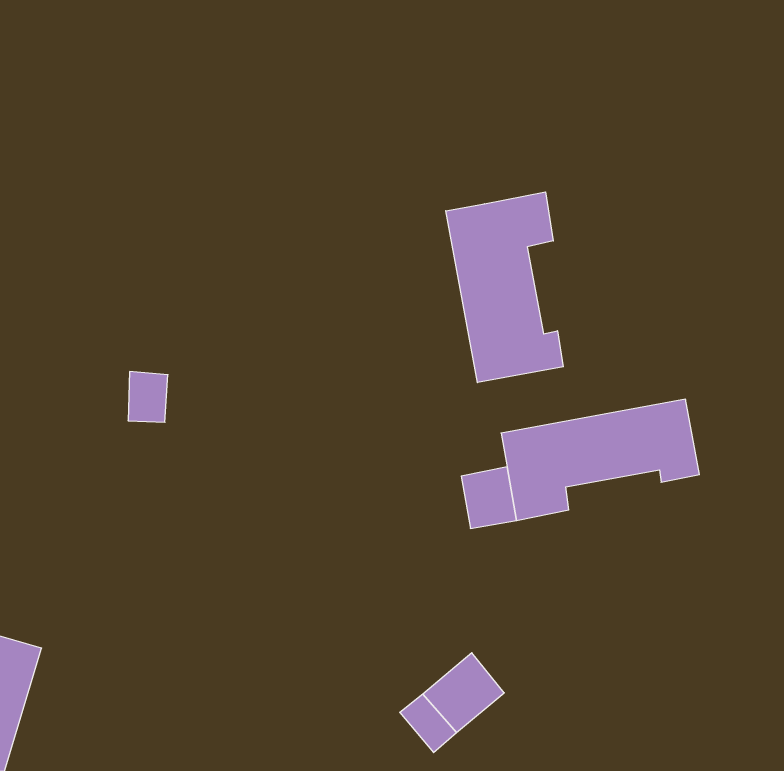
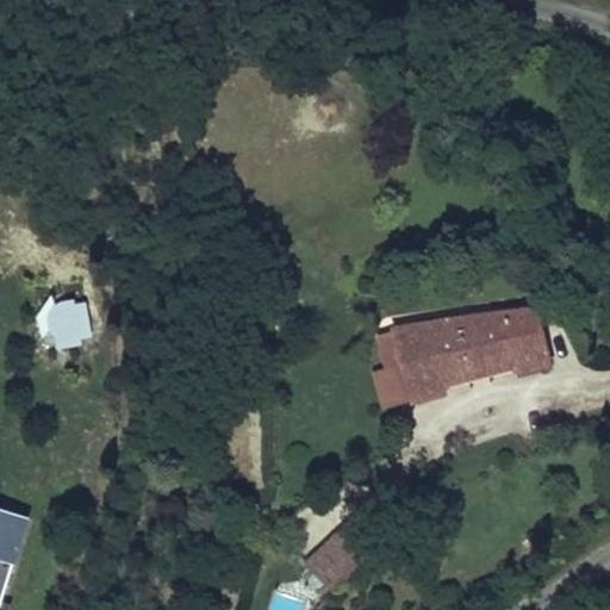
building: [446,192,563,383] -> none
building: [128,372,168,422] -> [55,299,86,338]

